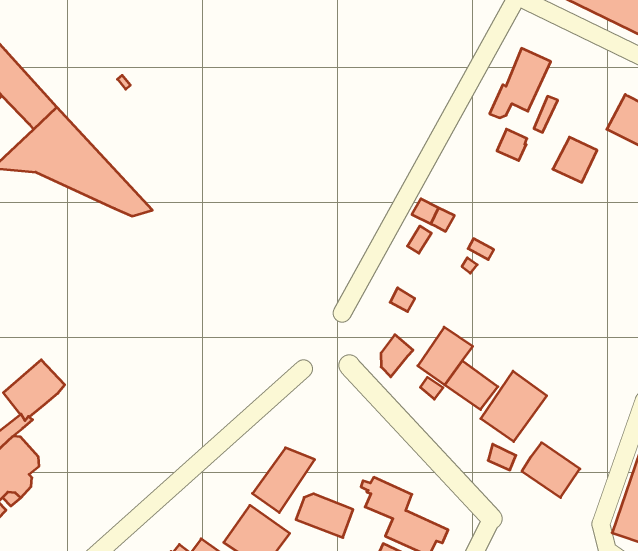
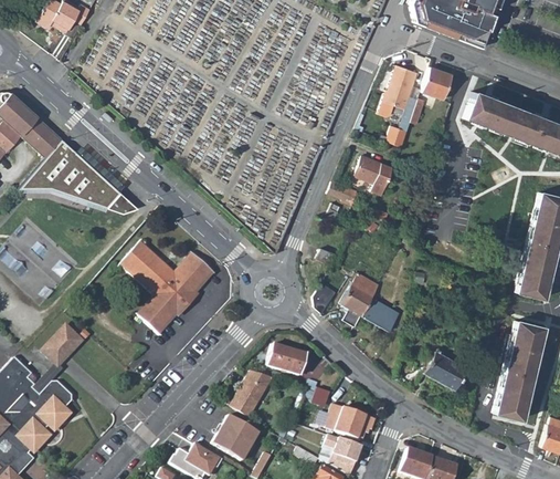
building: [553,137,597,182] -> [420,65,451,97]
building: none -> [355,155,393,195]
building: none -> [120,241,213,333]
building: [481,371,547,442] -> none
building: [296,494,353,538] -> [266,345,307,375]

